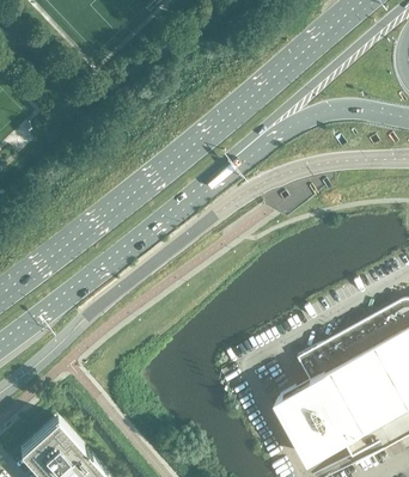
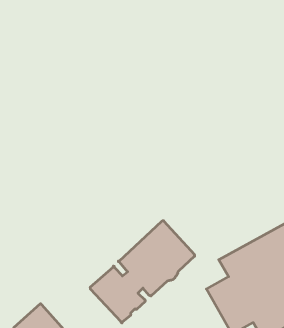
building: none -> [90,221,195,323]

